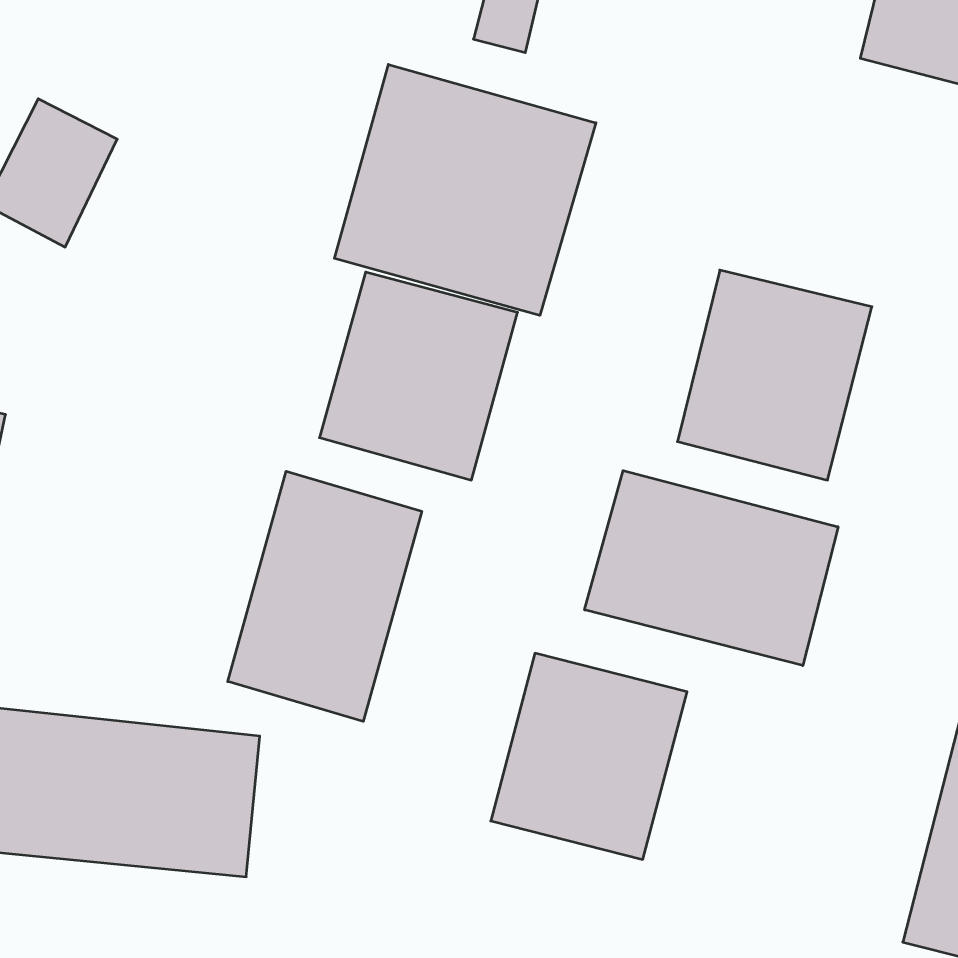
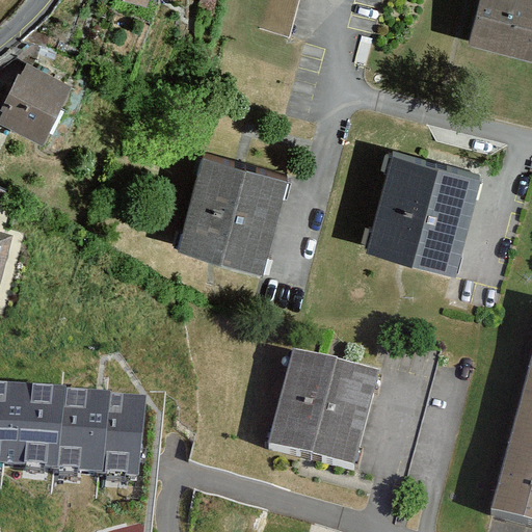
building: [334,64,596,315] -> none
building: [585,471,838,666] -> none
building: [228,471,422,721] -> none

